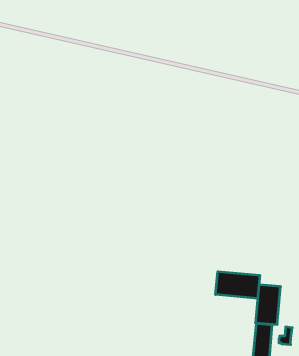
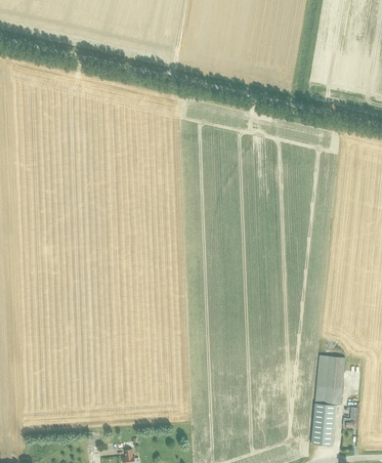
building: [216,272,260,298] -> none

